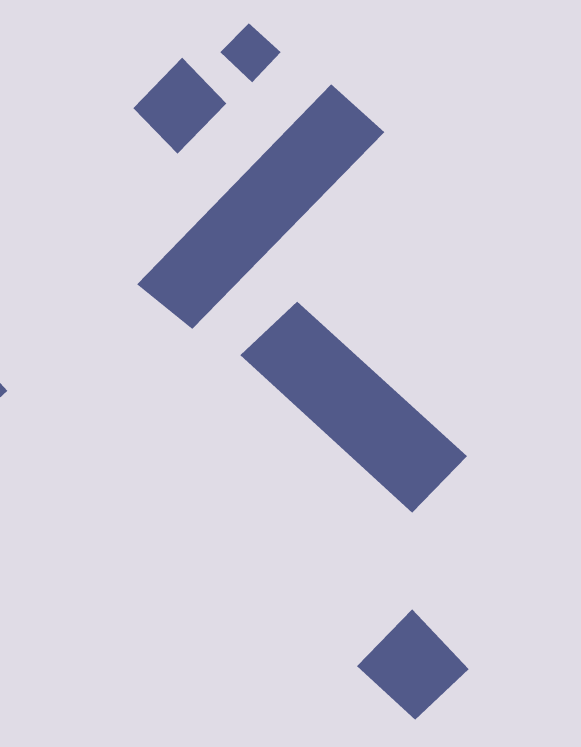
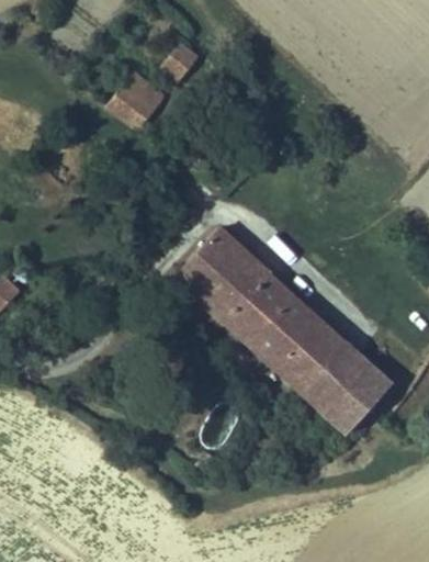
building: [136,83,385,330] -> none
building: [356,609,470,720] -> [303,344,383,423]

